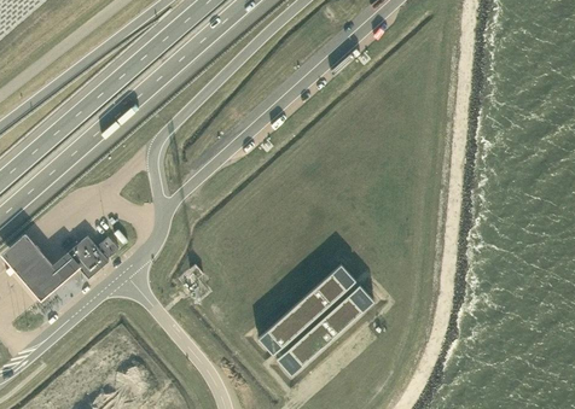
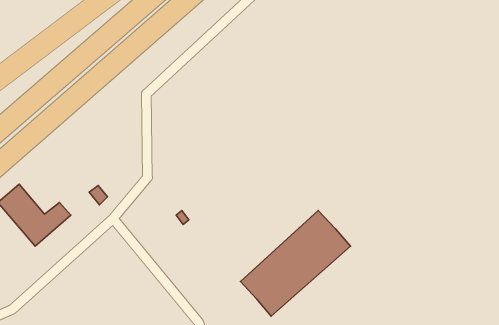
building: [66,235,110,279] -> none

